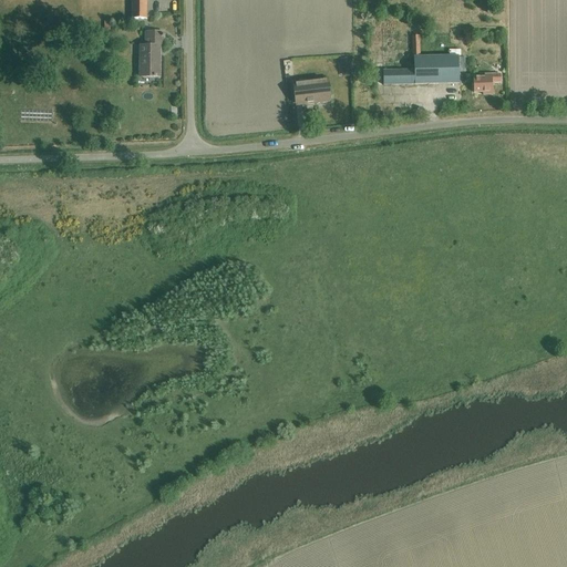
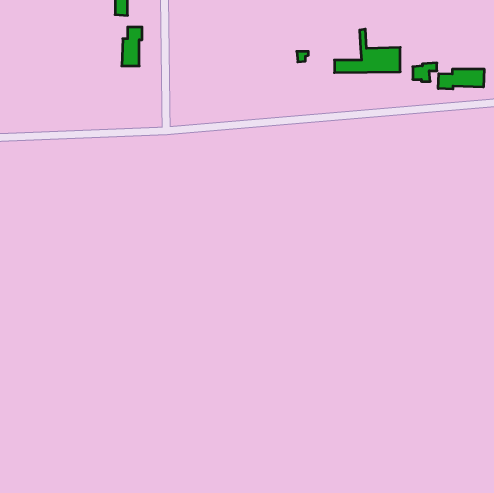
building: [292,76,331,104] -> none
building: none -> [438,69,484,89]

